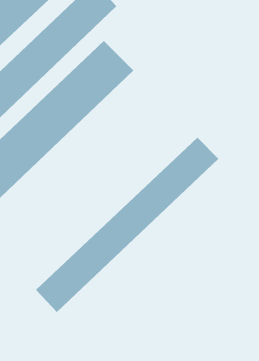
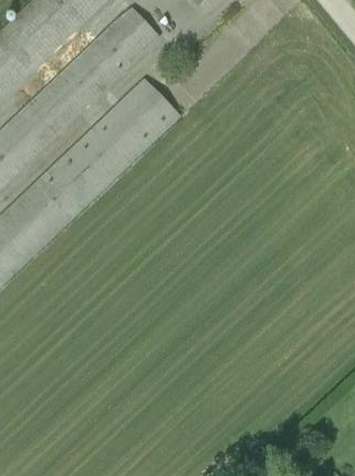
building: [35,137,219,313] -> none

